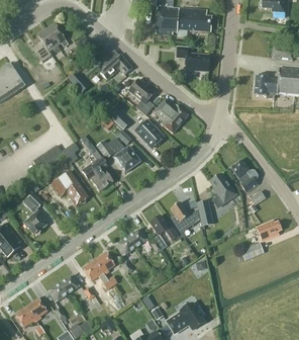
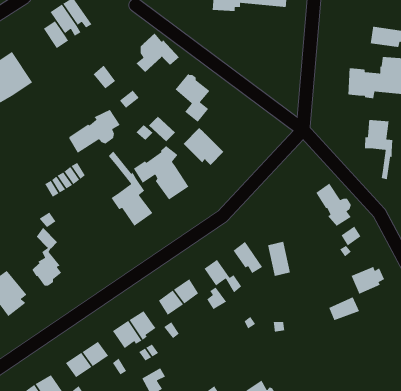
building: [177,46,208,70] -> none
building: [154,97,188,132] -> none
building: none -> [68,109,121,154]
building: none -> [364,119,393,180]
building: [209,172,236,206] -> none
building: [52,174,90,205] -> none

